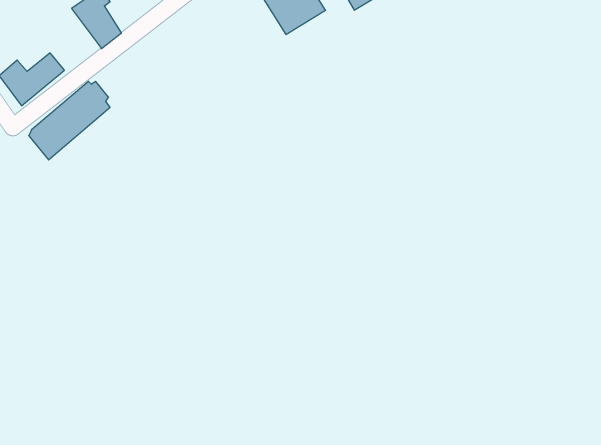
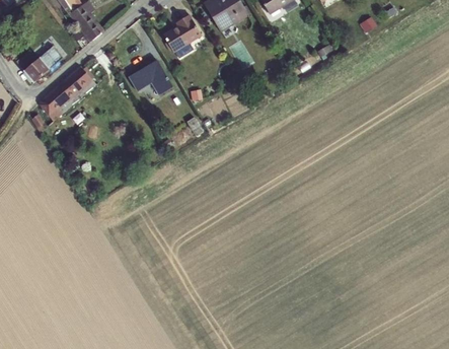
building: none -> [162,14,202,53]
building: none -> [128,60,172,95]

